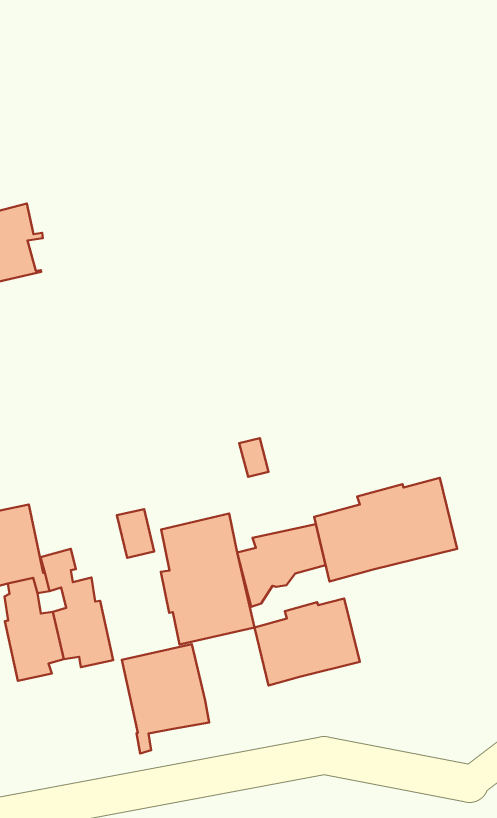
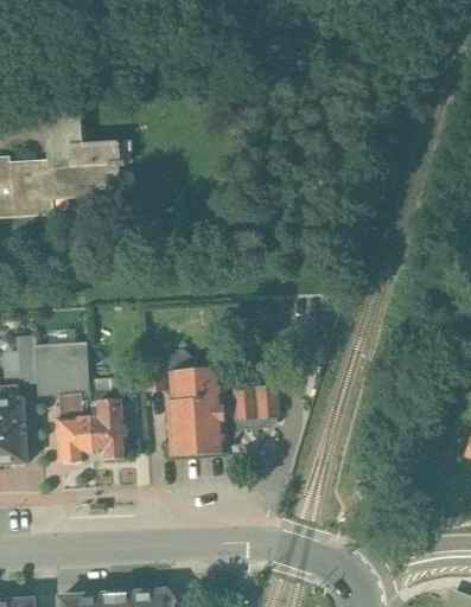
building: [314,478,457,581] -> none
building: [254,598,360,685] -> none
building: [122,644,209,753] -> none

